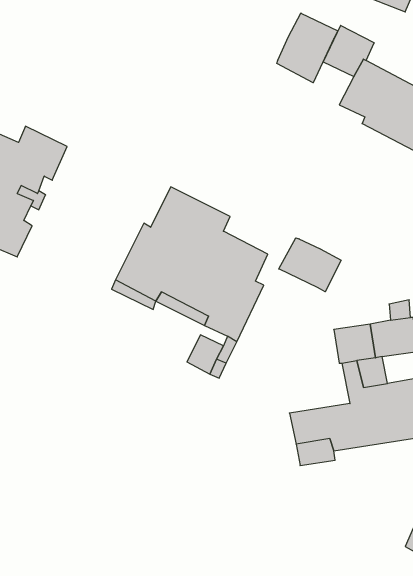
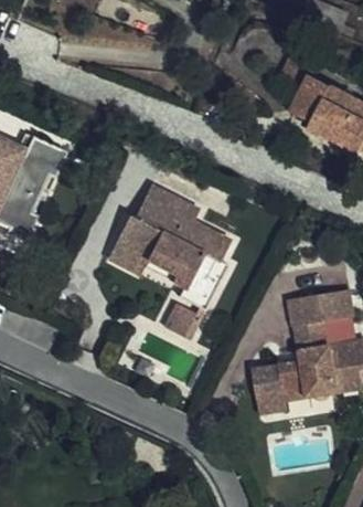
building: [277,13,338,83] -> none
building: [279,238,341,292] -> none

